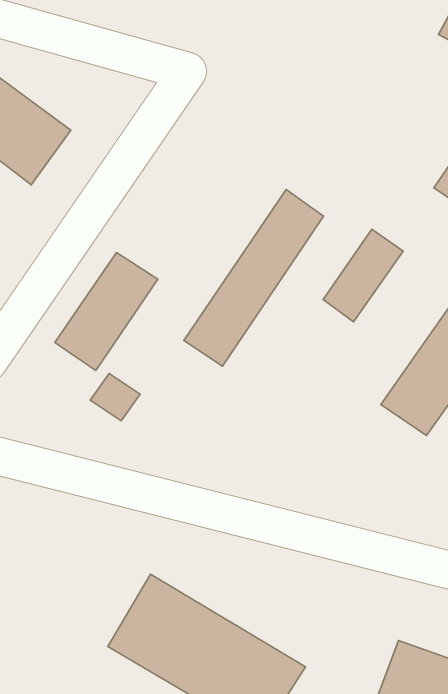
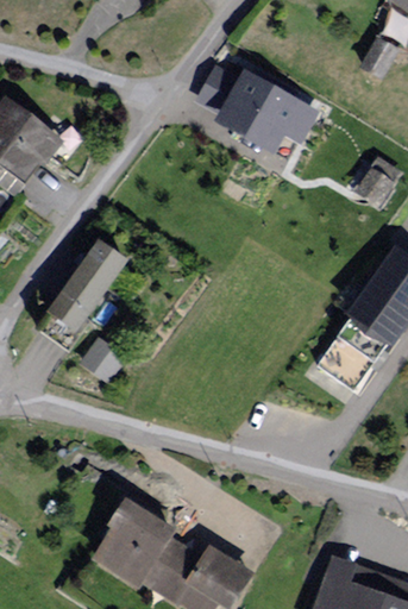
building: none -> [192,63,325,168]
building: [184,190,324,366] -> none
building: [323,229,403,322] -> none

